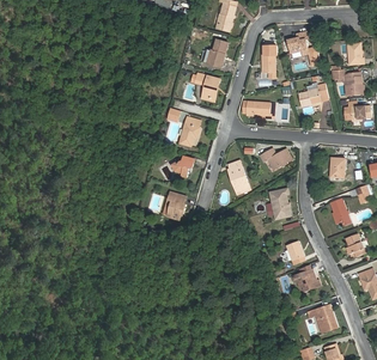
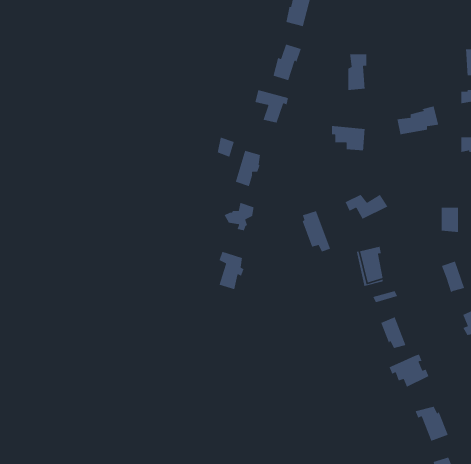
building: [288,31,321,68] -> none

